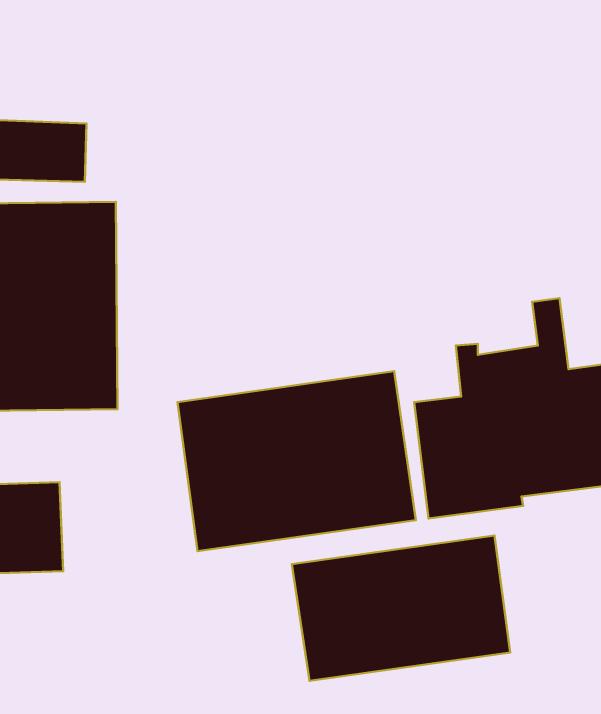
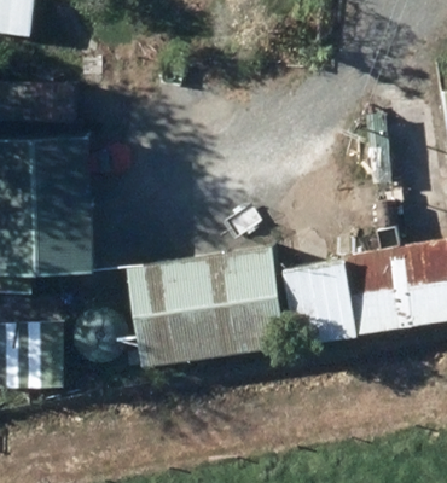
building: [292,536,510,681] -> none

